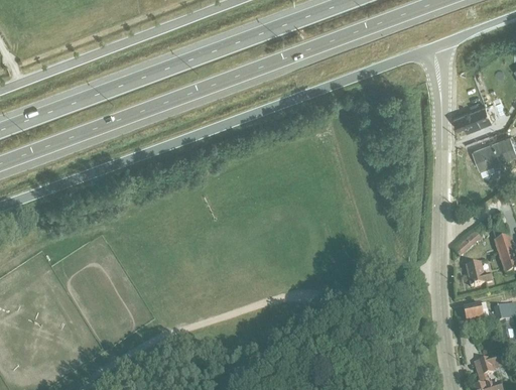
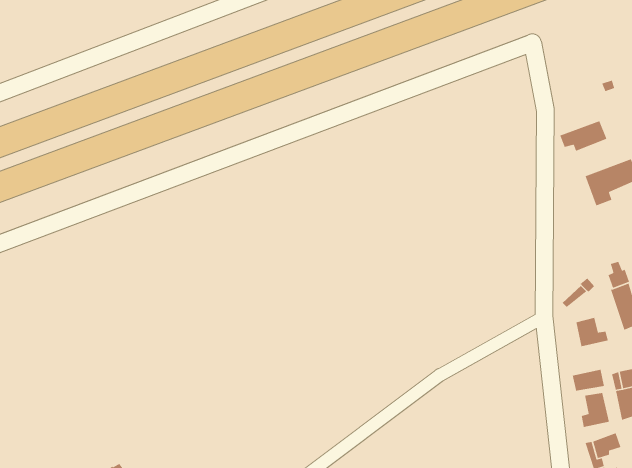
building: none -> [581,392,610,428]

